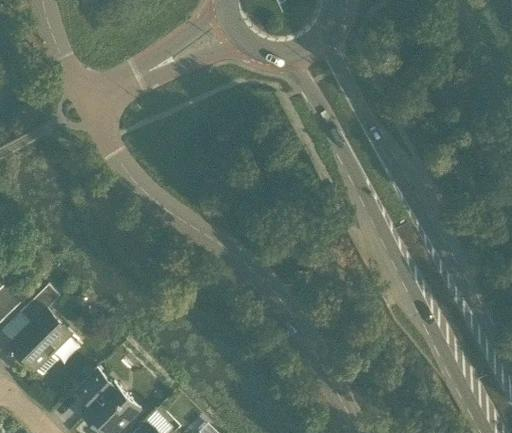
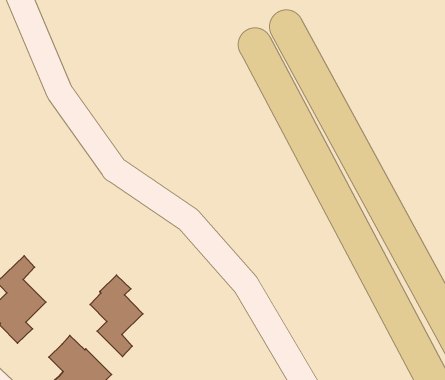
building: none -> [90,275,143,356]

